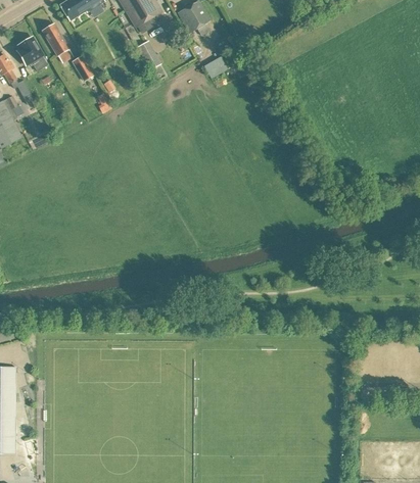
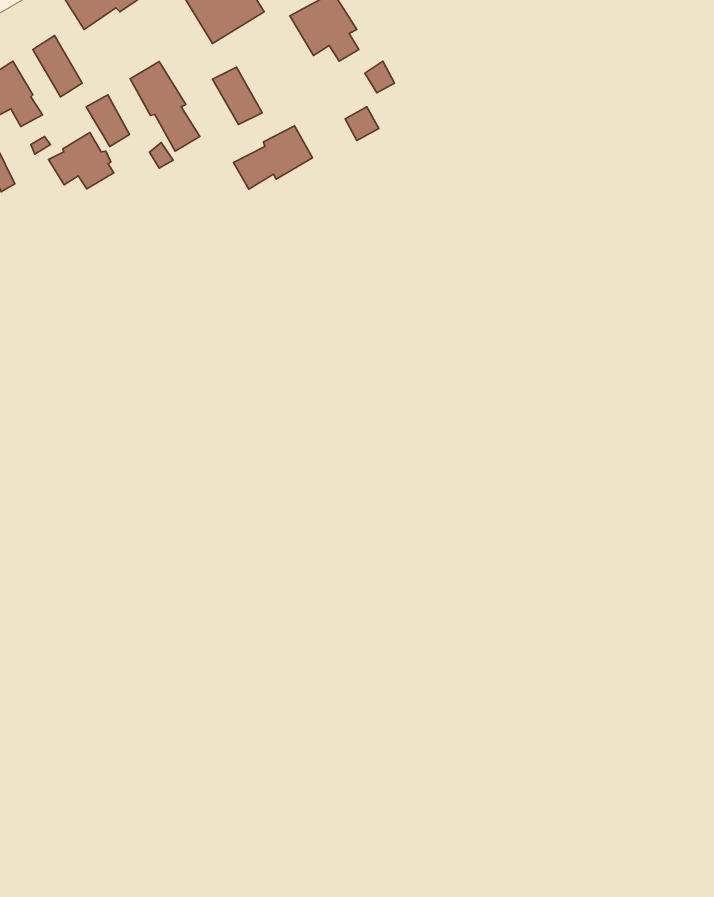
building: none -> [130,61,200,151]
building: none -> [234,126,312,189]
building: none -> [48,133,114,189]

